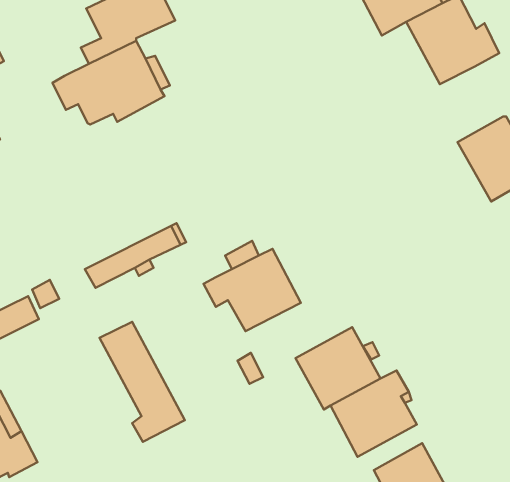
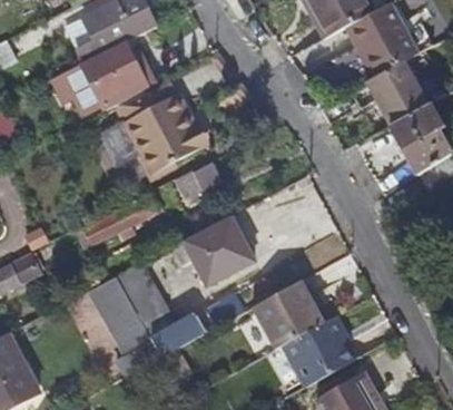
building: none -> [364,64,425,126]
building: none -> [101,78,201,172]
building: none -> [178,162,224,202]
building: none -> [119,261,211,355]

